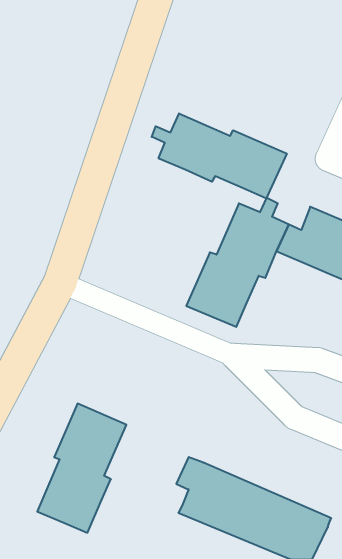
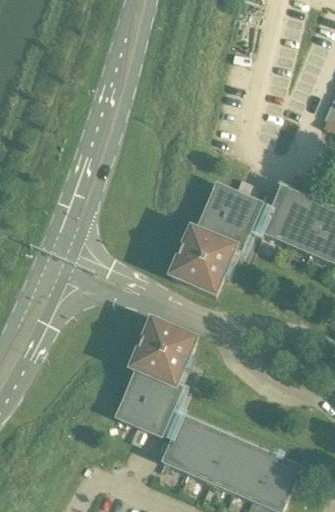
building: [152,113,287,199] -> none
building: [37,404,126,533] -> [115,319,195,435]

